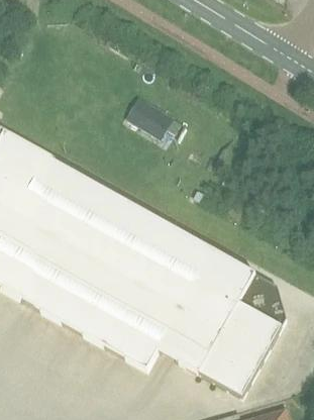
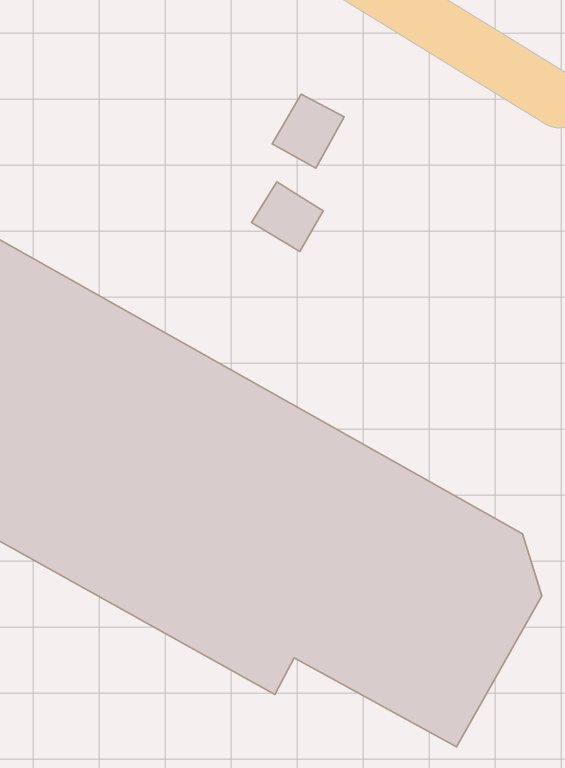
building: none -> [272,94,344,168]

